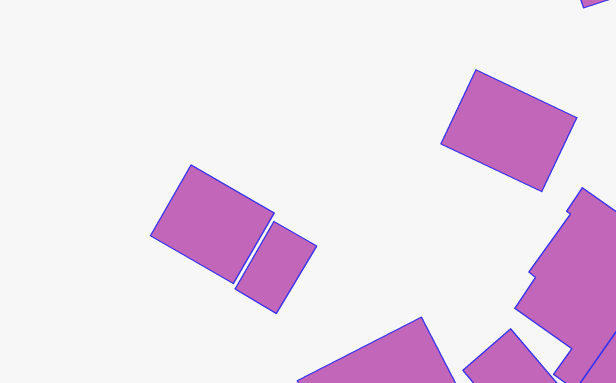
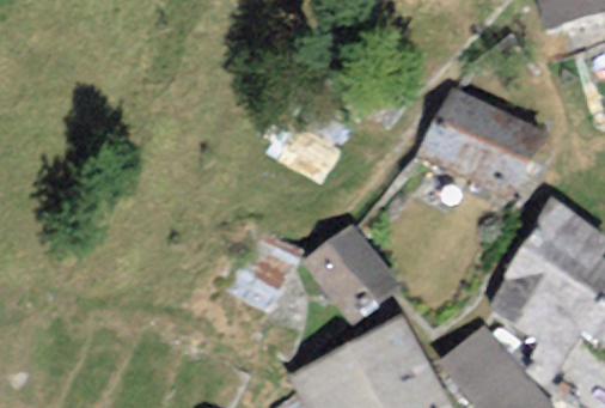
building: [151,165,274,284] -> none
building: none -> [302,223,401,324]

